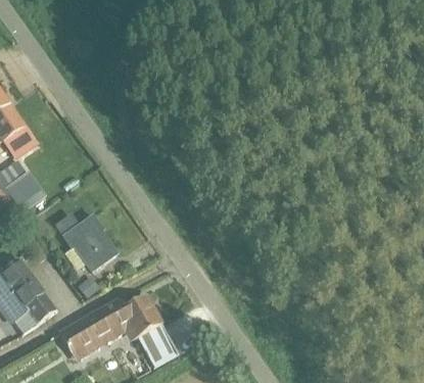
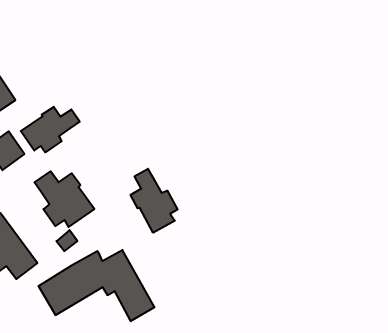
building: none -> [21,107,80,152]
building: none -> [131,169,178,233]

